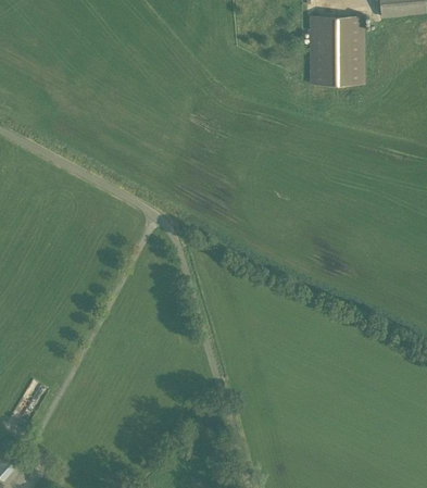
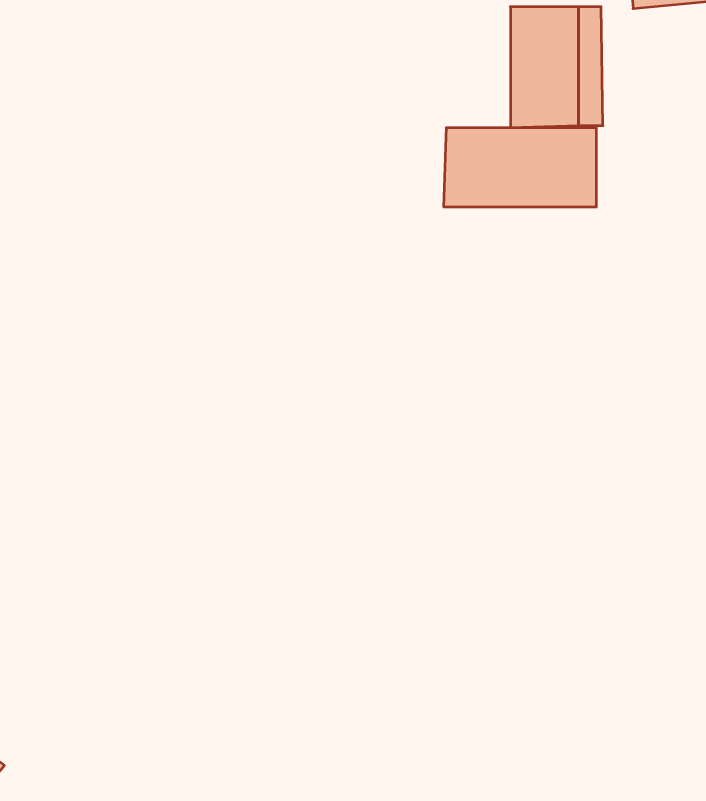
building: none -> [444,128,596,207]

